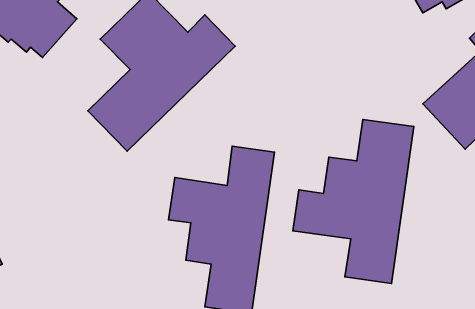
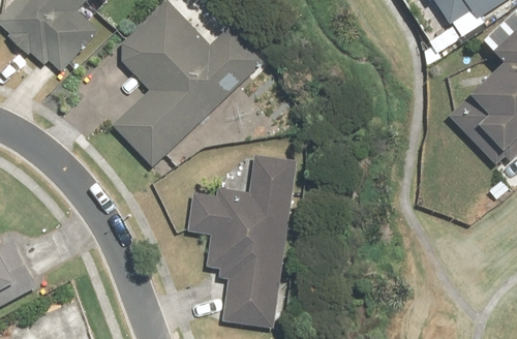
building: [293,120,414,284] -> none

